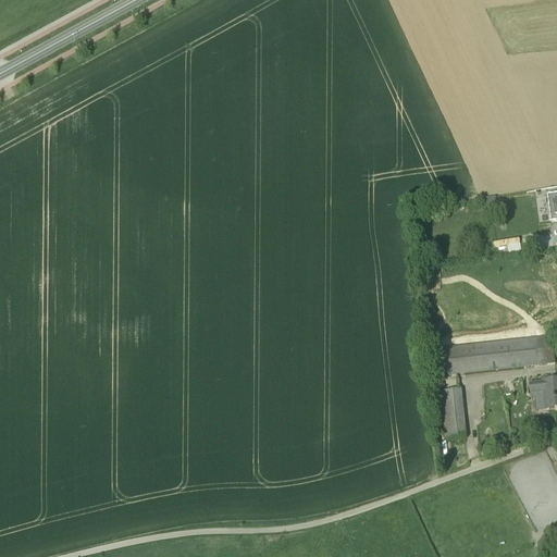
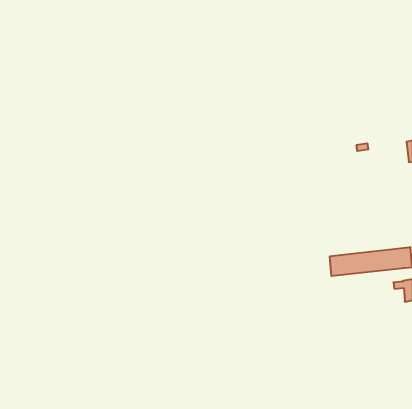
building: [438,386,467,437] -> none

